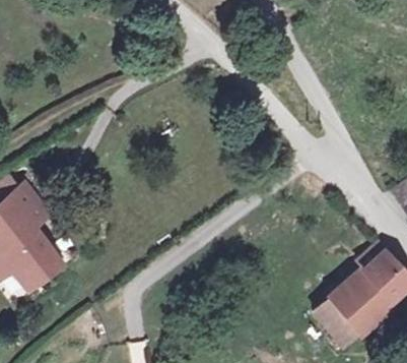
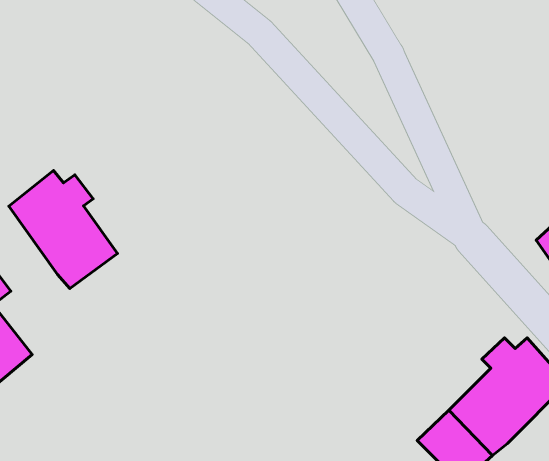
building: none -> [9,171,117,289]

